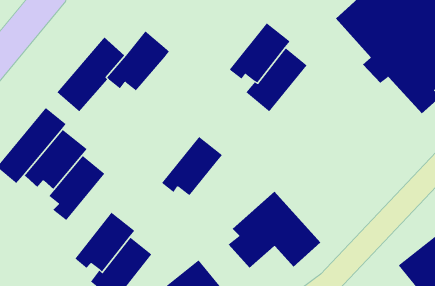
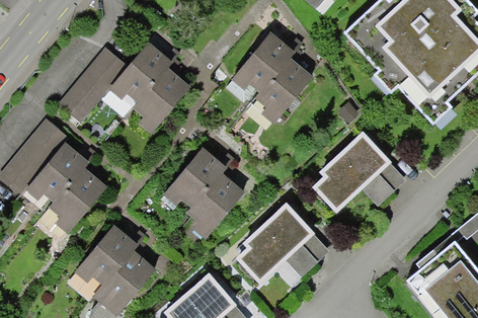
building: none -> [134,68,192,135]
building: none -> [311,133,401,210]
building: none -> [182,173,245,239]

